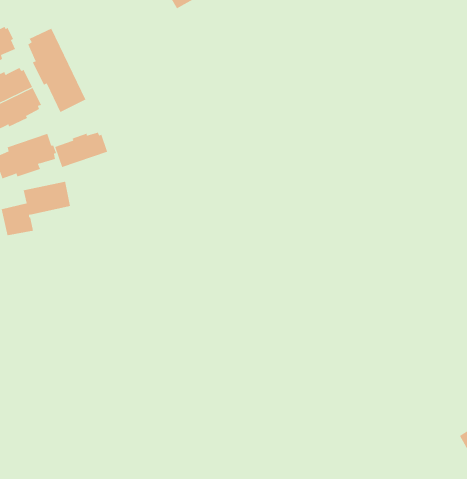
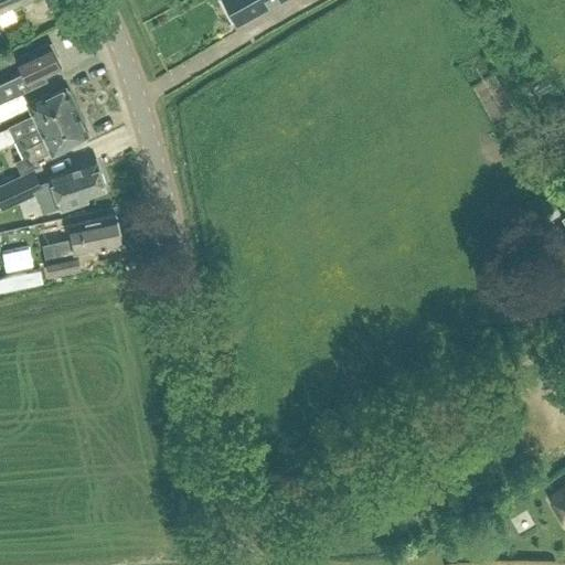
building: [28,28,86,113] -> none
building: [55,132,108,168] -> none

